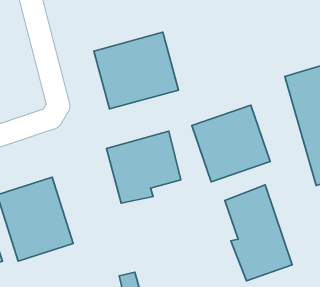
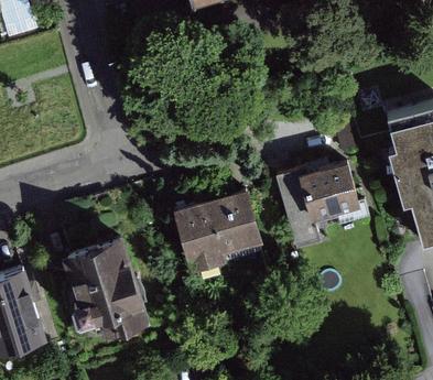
building: [94,32,178,109] -> none
building: [225,185,292,281] -> none

